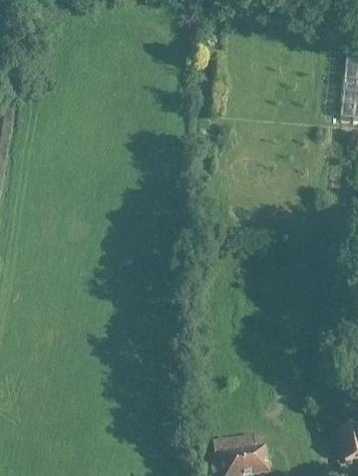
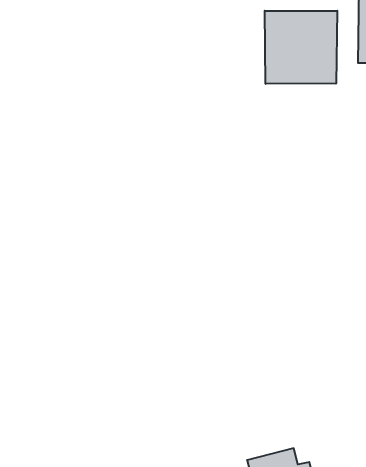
building: none -> [265,11,337,84]

